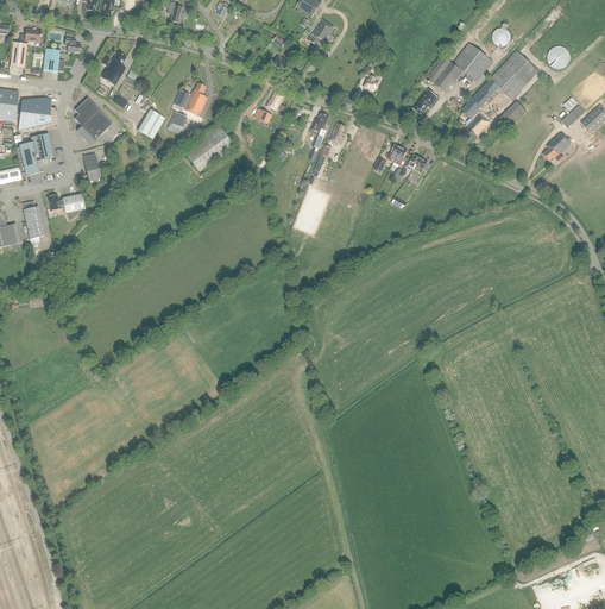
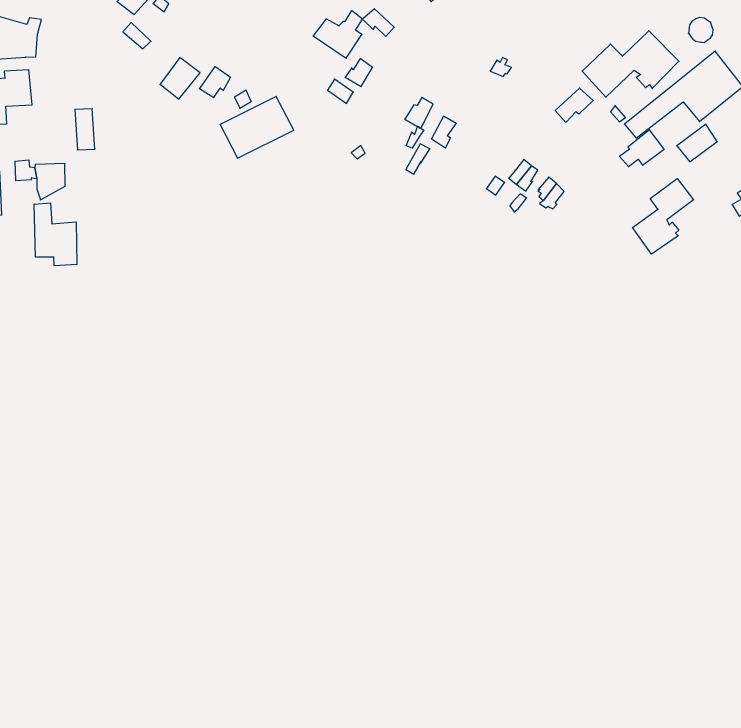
building: [174,81,207,114] -> [313,11,363,58]
building: [74,96,112,143] -> none
building: none -> [633,179,694,254]
building: none -> [34,203,77,266]

